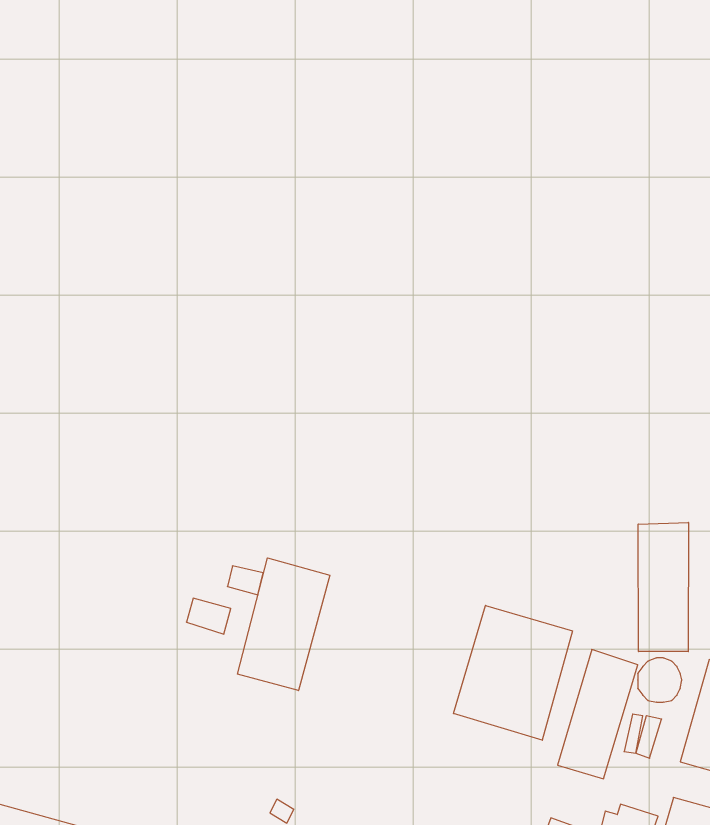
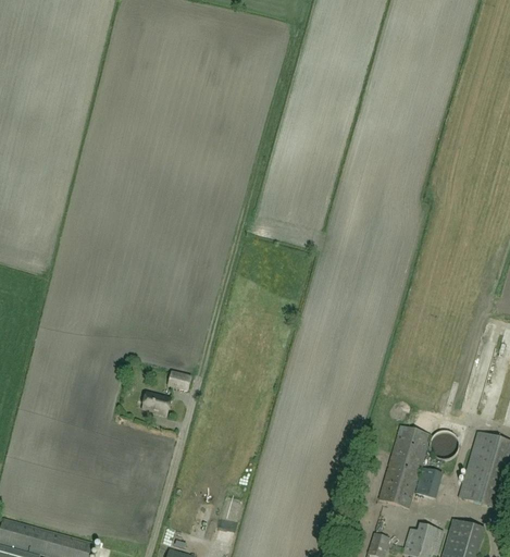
building: [638,522,688,652] -> none
building: [237,558,330,691] -> none
building: [454,605,573,740] -> none

